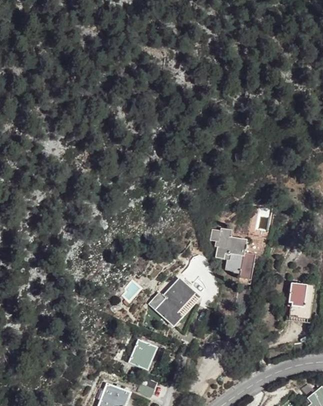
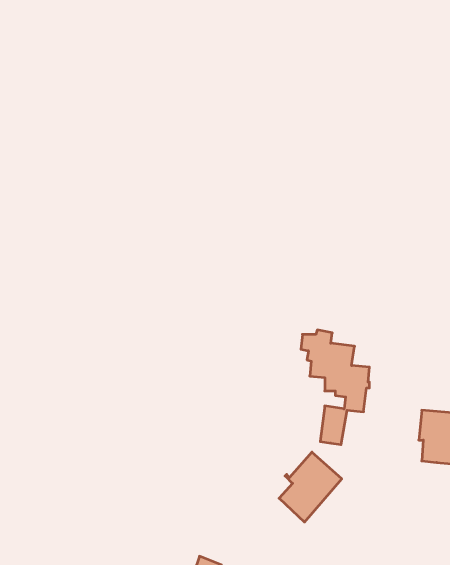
building: [155,278,197,325] -> [279,452,342,522]
building: [123,339,152,370] -> none

